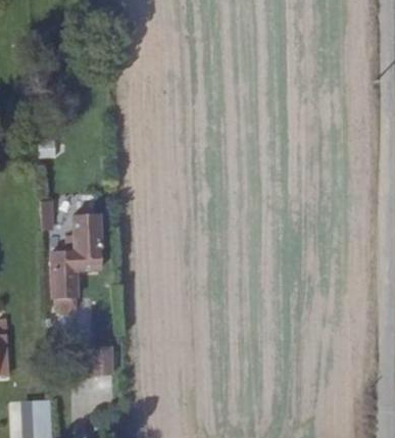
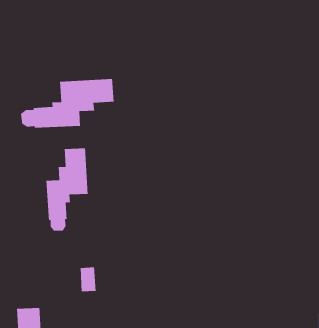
building: none -> [20,78,114,129]

